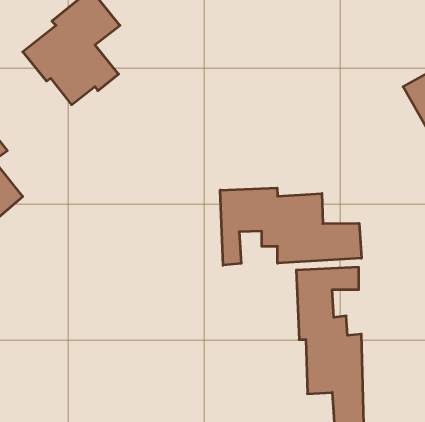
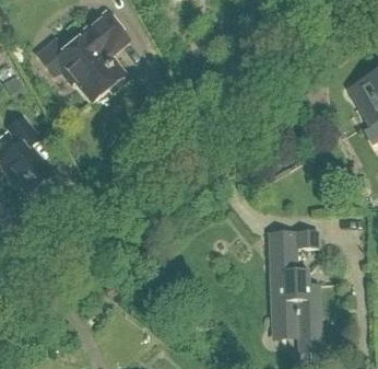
building: [220,188,361,265] -> none

